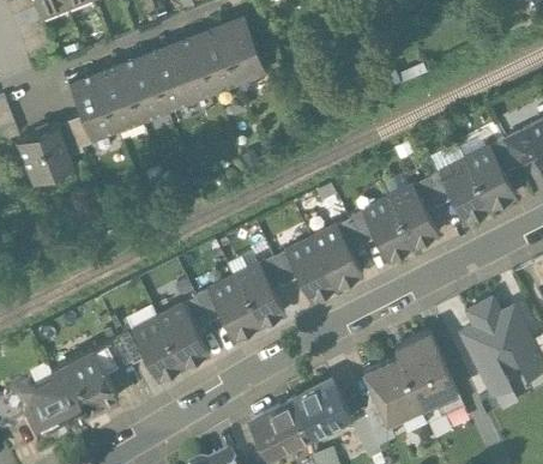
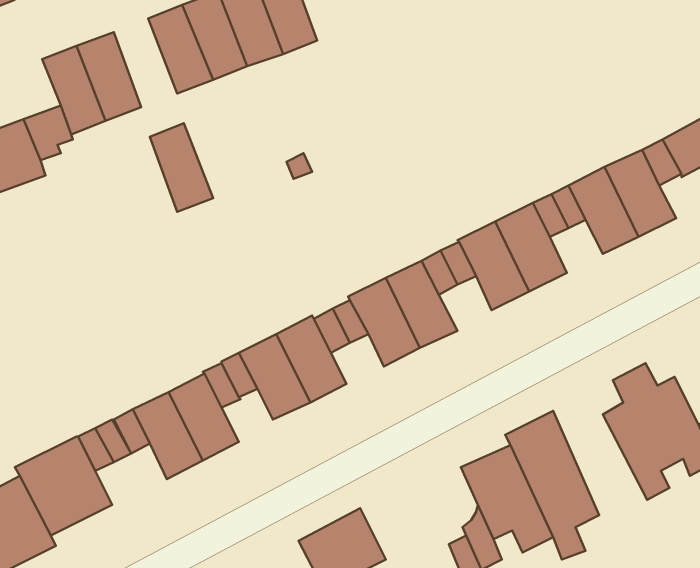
building: [120,54,164,116] -> [150,123,213,212]
building: [292,379,348,434] -> none

